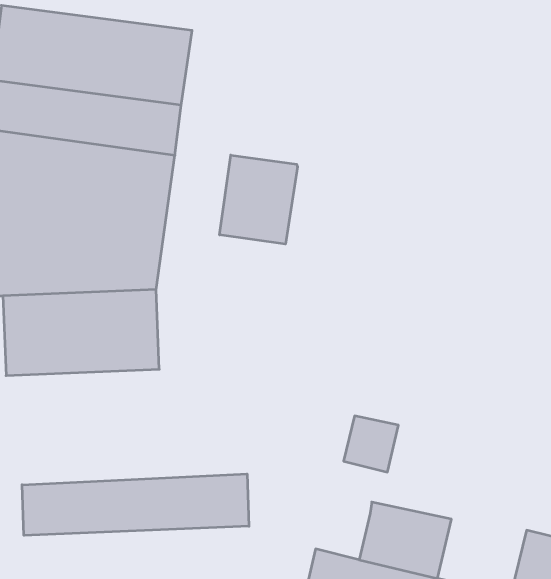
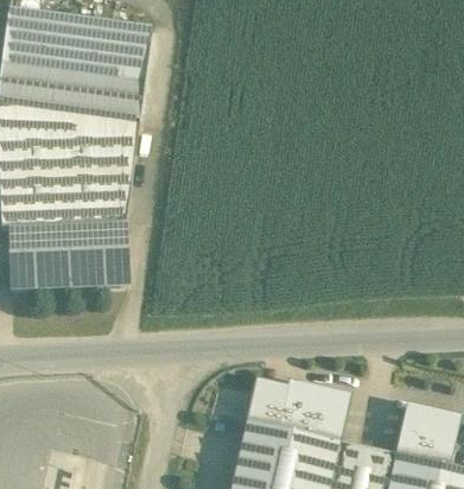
building: [220,155,297,244] -> none
building: [344,416,398,472] -> [246,386,287,428]
building: [22,474,249,535] -> none

